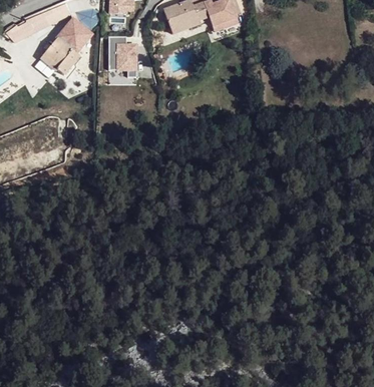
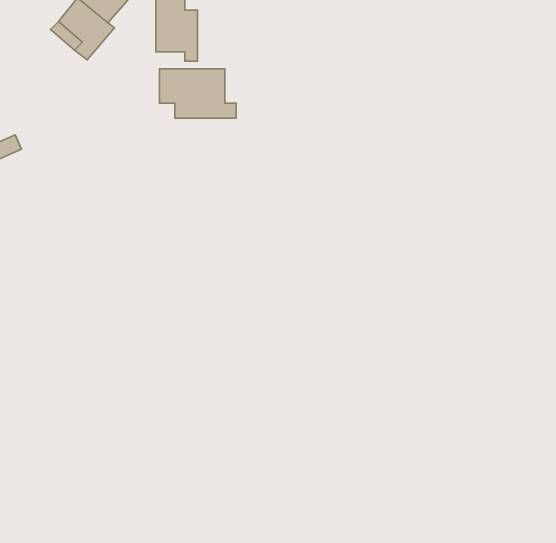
building: none -> [160,69,236,118]

